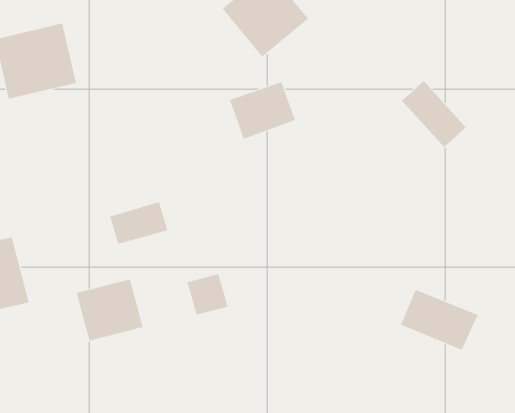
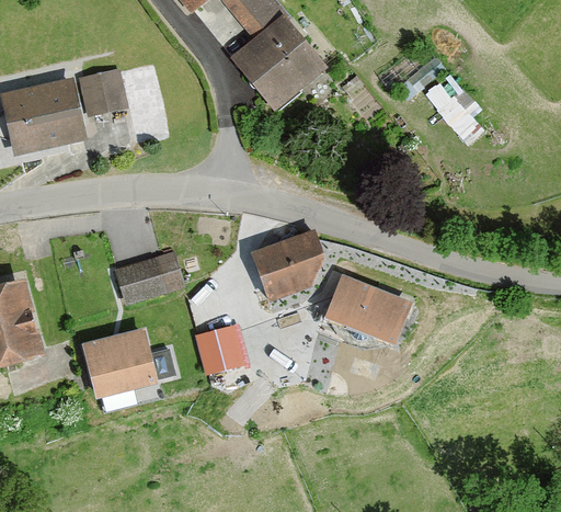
building: none -> [87,62,128,110]
building: [401,80,467,148] -> [423,69,490,138]
building: [229,82,296,140] -> [257,238,325,297]
building: [400,289,478,350] -> [328,283,408,345]

